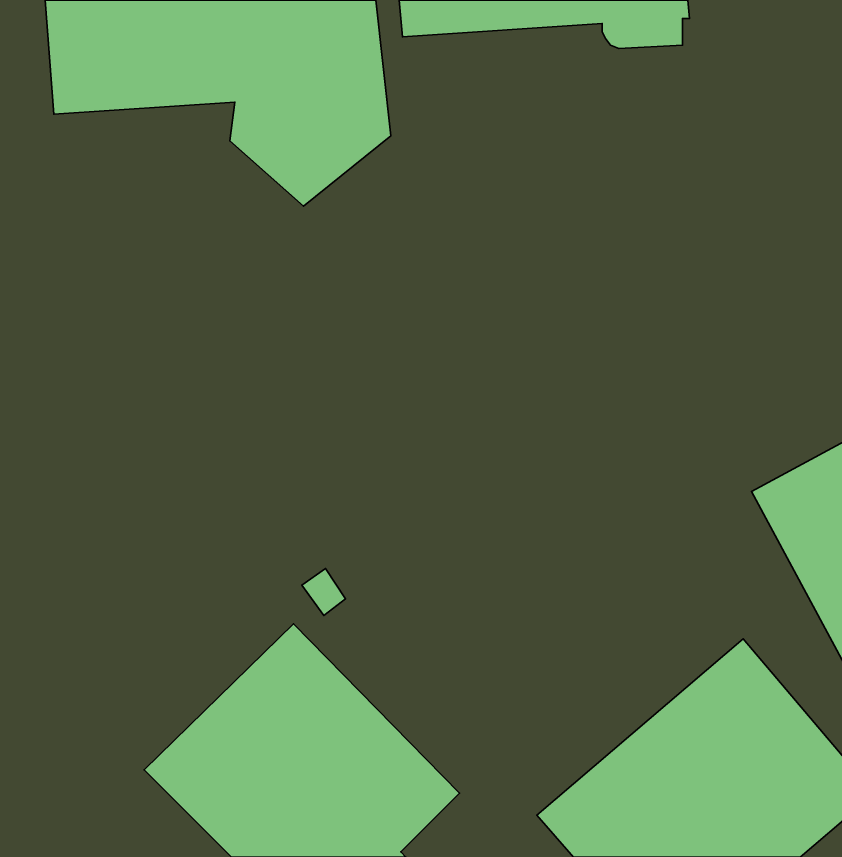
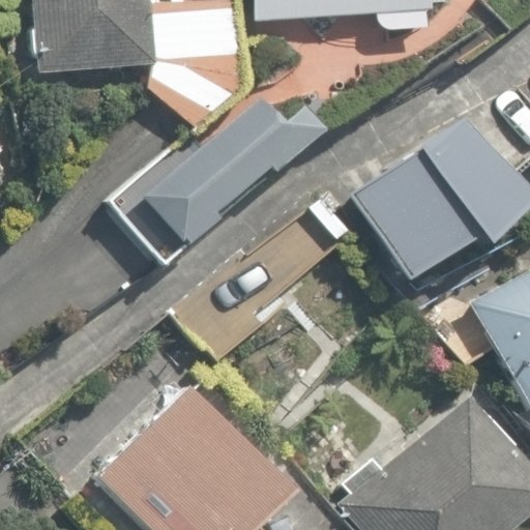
building: none -> [111,97,325,264]
building: none -> [358,132,490,265]

